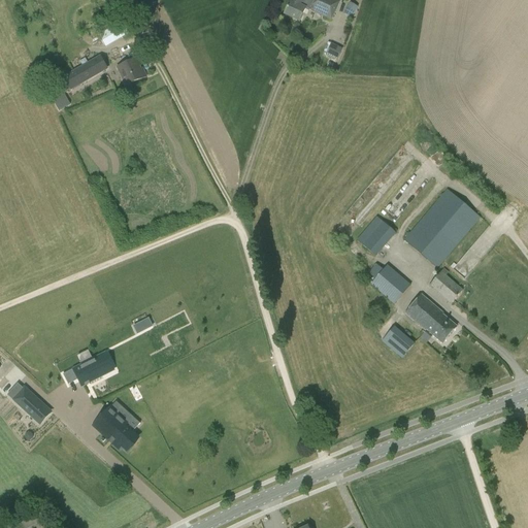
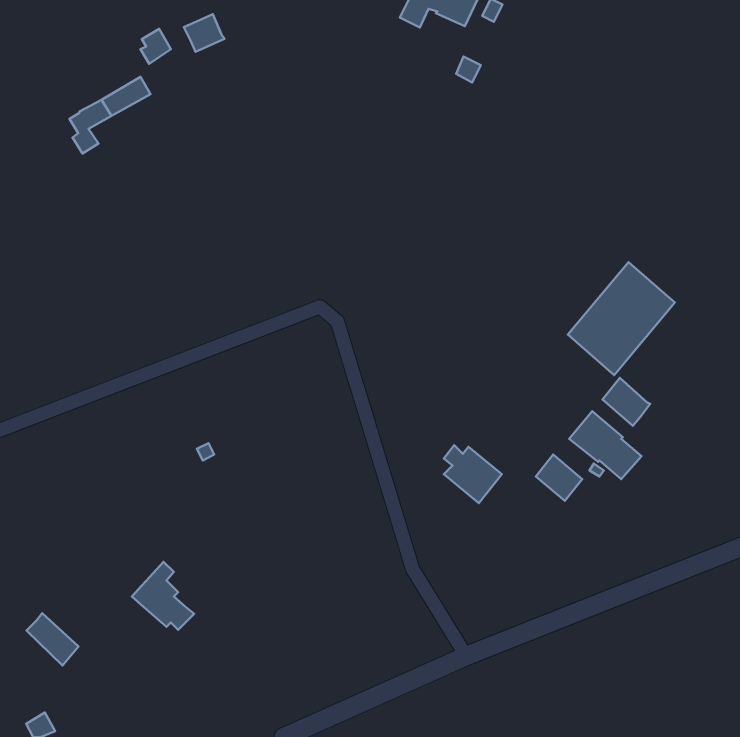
building: [118,57,146,84] -> [184,14,224,52]
building: [357,214,396,255] -> none
building: [369,262,410,303] -> [444,445,502,503]
building: [63,353,106,384] -> none
building: [6,381,43,418] -> [26,613,79,665]

